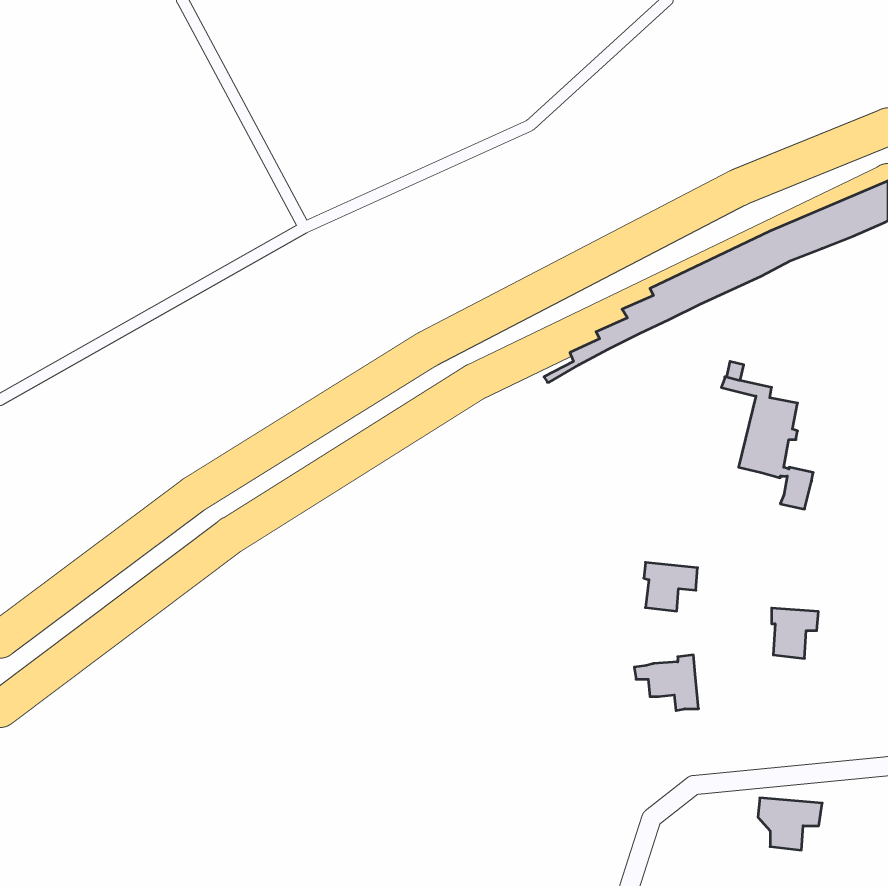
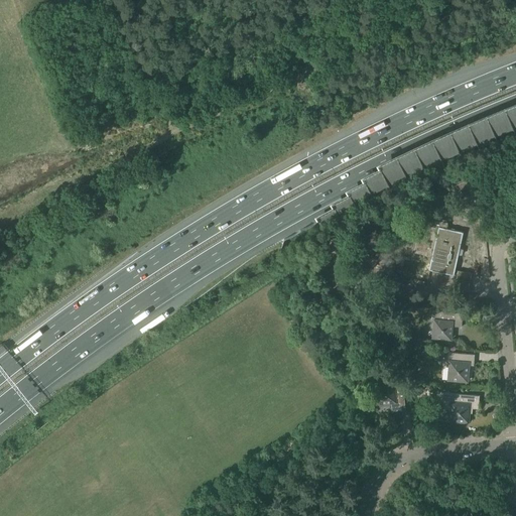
building: [644,562,698,611] -> [431,312,463,341]
building: [758,798,822,850] -> [442,394,480,424]

